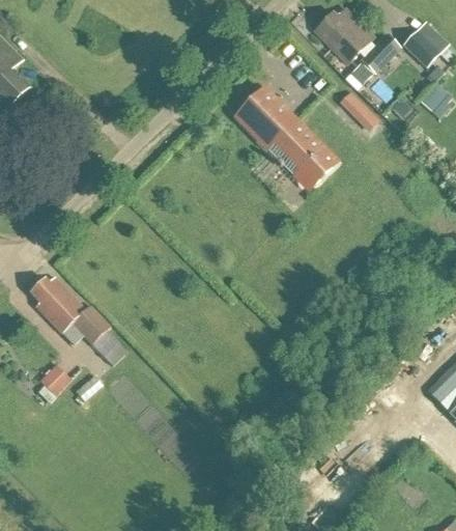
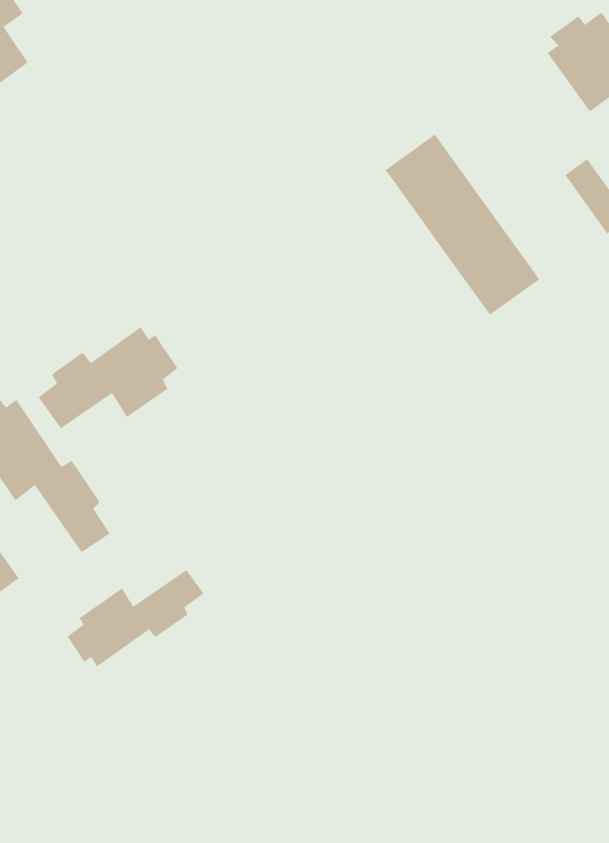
building: none -> [38,327,178,429]
building: none -> [67,569,204,667]

